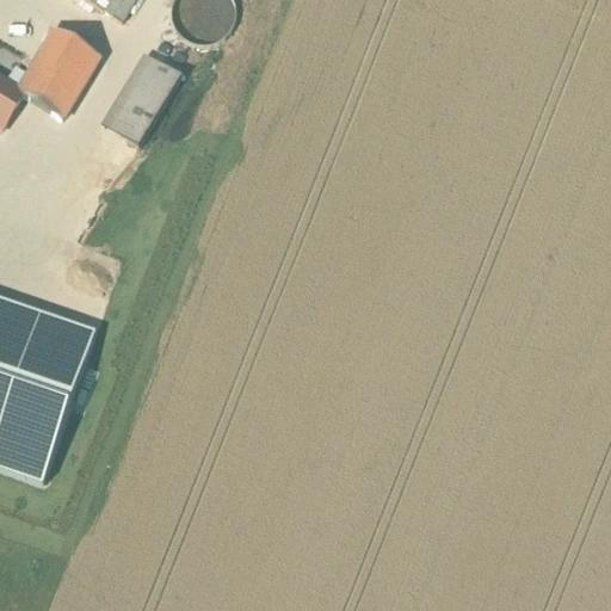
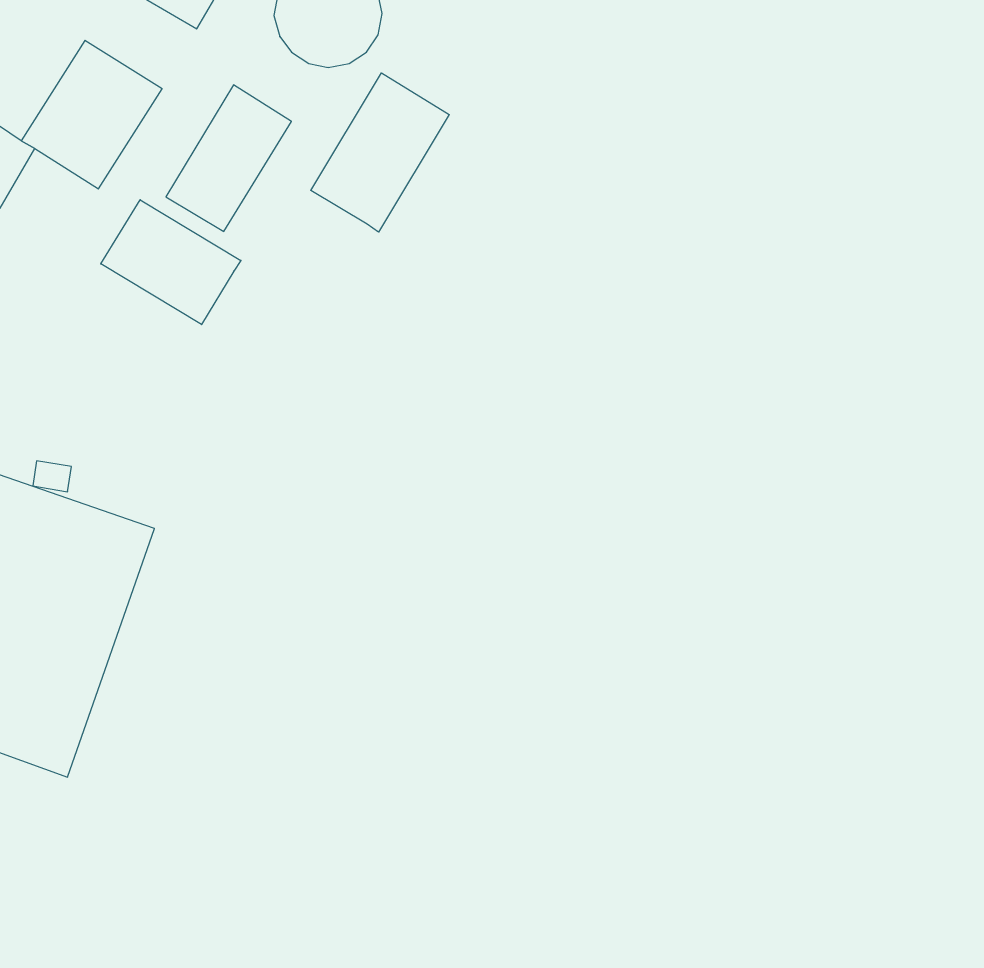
building: none -> [311,73,449,232]
building: none -> [101,200,241,325]

